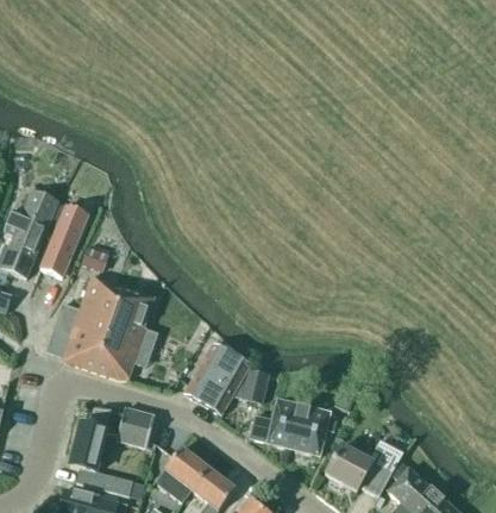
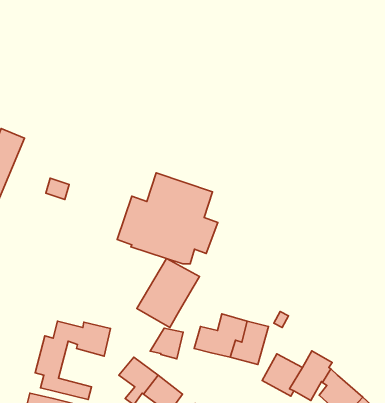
building: [38,205,87,277] -> none
building: [45,276,158,379] -> [117,173,218,264]
building: [231,369,268,403] -> [150,328,183,359]

